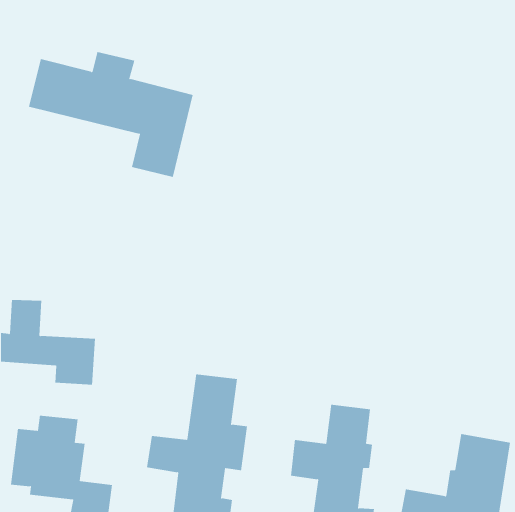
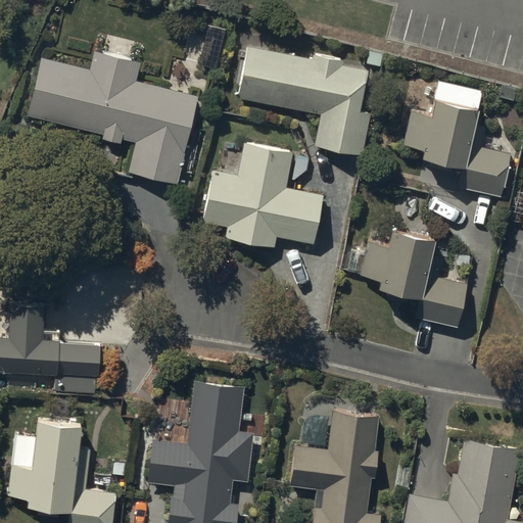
building: none -> [241,52,369,156]
building: none -> [403,102,510,197]
building: none -> [205,151,321,248]
building: none -> [361,232,467,327]

